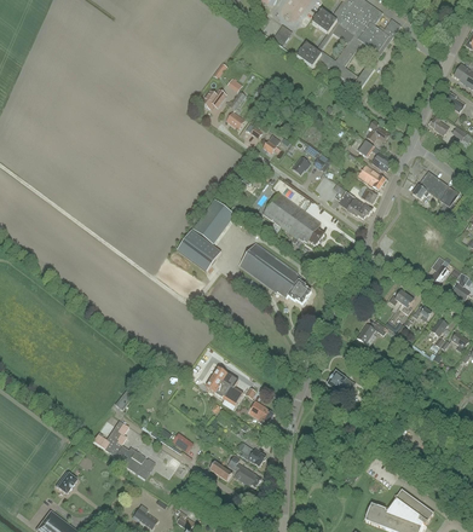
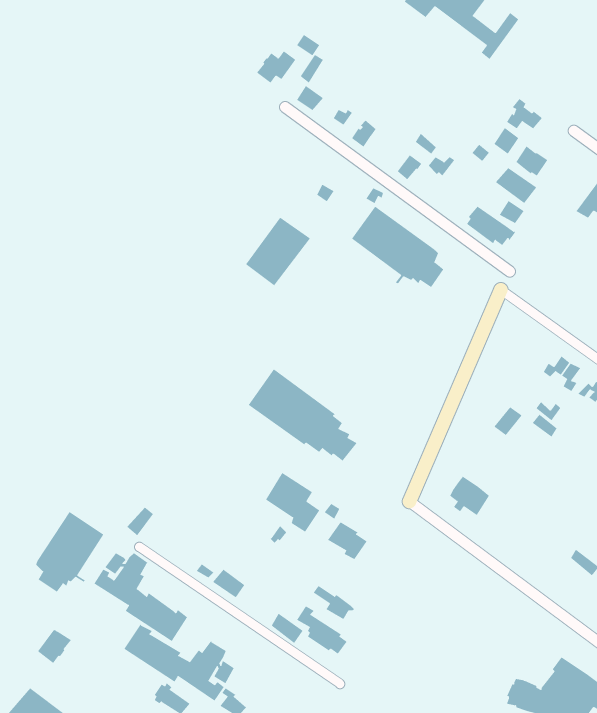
building: [177,229,220,271] -> none
building: [238,241,311,302] -> [248,369,357,462]
building: none -> [35,511,104,593]
building: none -> [124,623,235,701]

